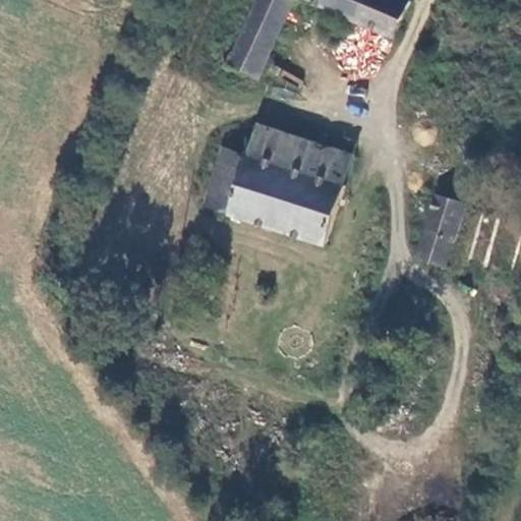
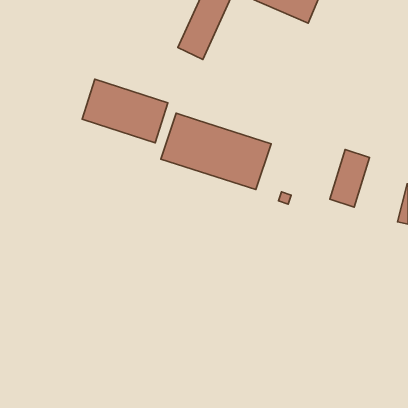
building: none -> [82,79,168,143]
building: [248,124,351,182] -> none

